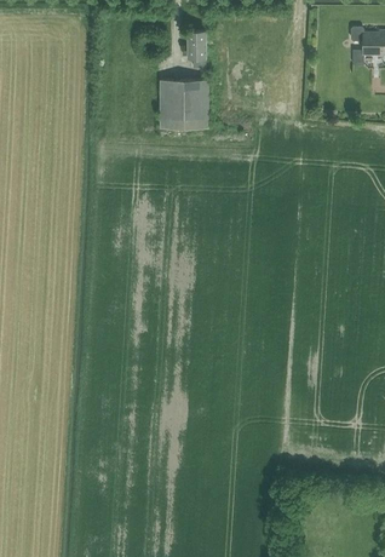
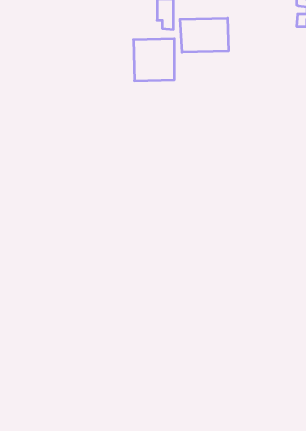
building: none -> [180,18,228,52]

